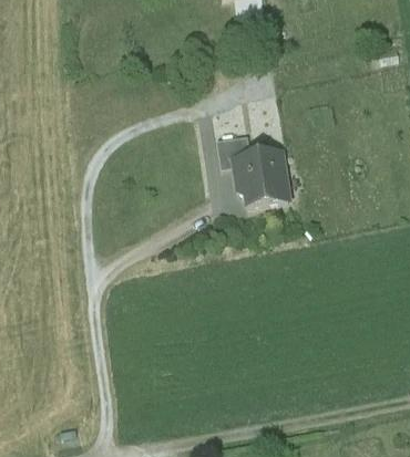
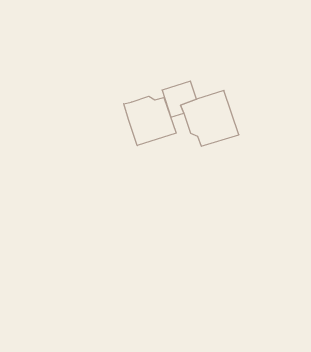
building: none -> [124,96,176,146]

